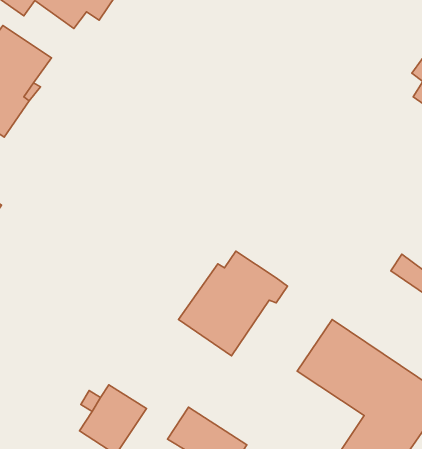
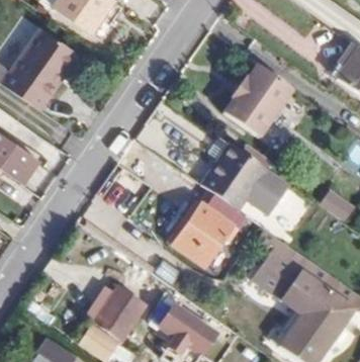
building: none -> [222,64,291,138]
building: none -> [199,143,288,214]

